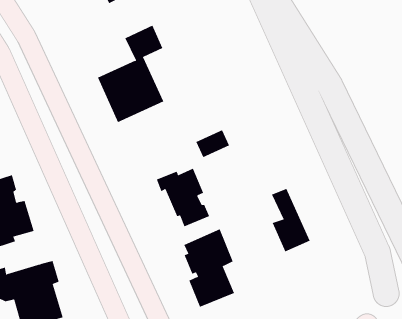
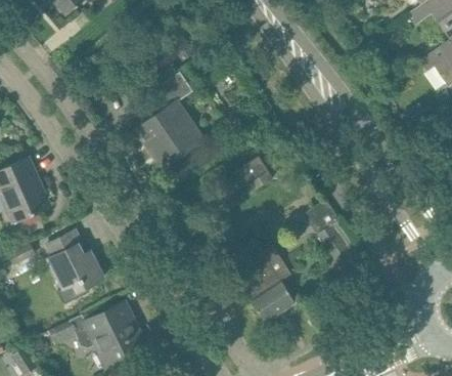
building: [156,168,210,227] -> none

